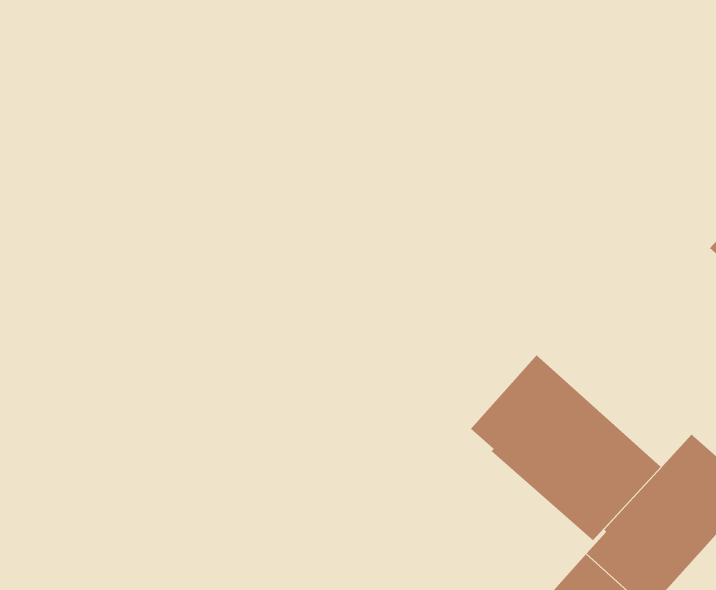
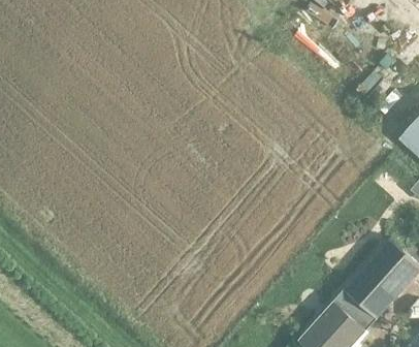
building: [470,355,661,541] -> none

